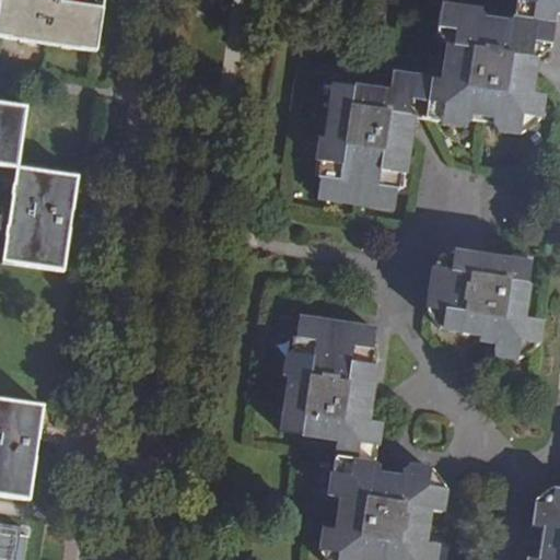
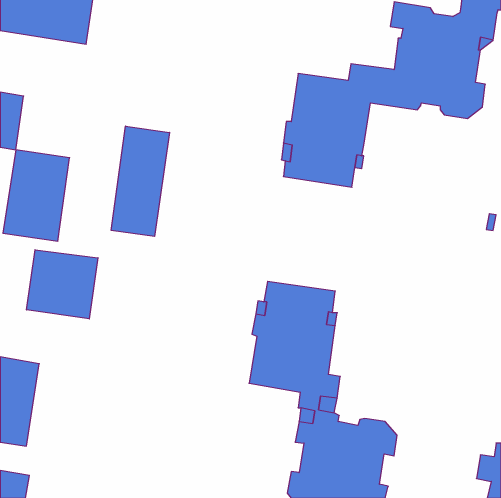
building: none -> [111,126,170,236]
building: [427,248,539,357] -> none
building: none -> [27,250,98,319]

